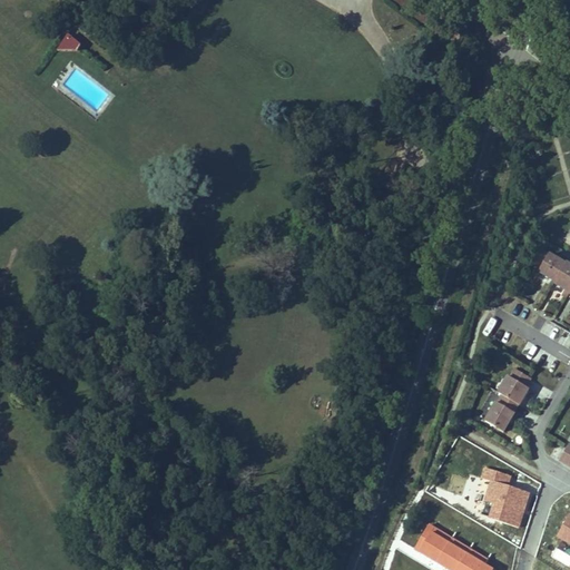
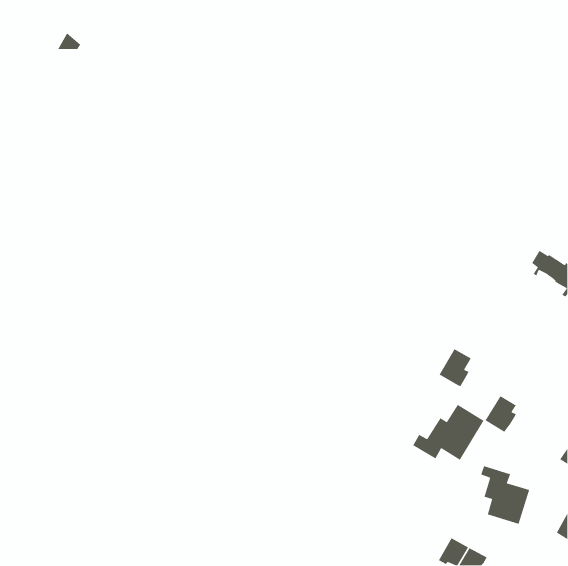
building: [499,368,532,407] -> [439,348,472,387]
building: none -> [412,404,485,461]
building: [417,524,452,562] -> none

